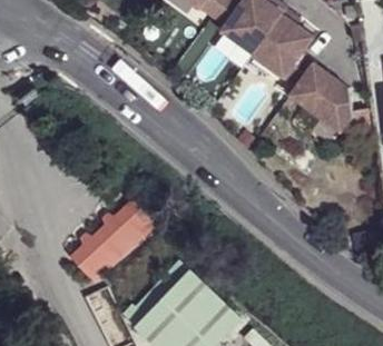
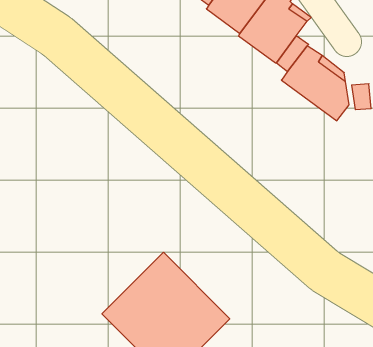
building: [71,201,154,278] -> none

